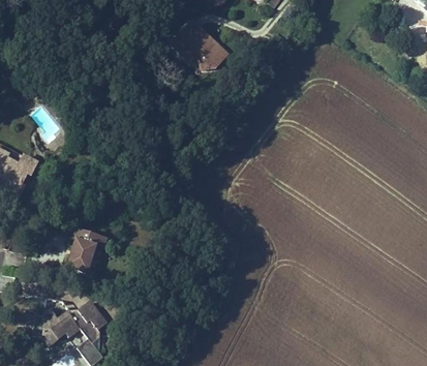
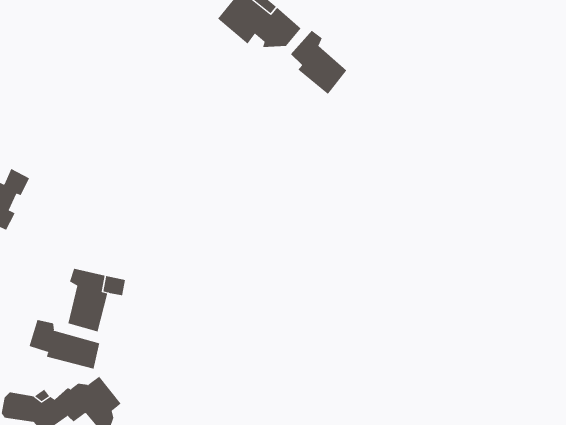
building: none -> [290,30,347,95]
building: none -> [29,319,100,370]

